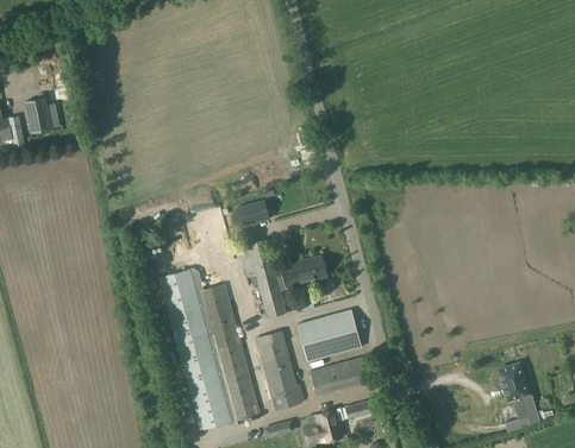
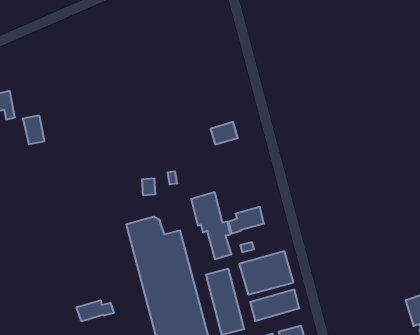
building: [24,97,50,132] -> [23,116,44,144]
building: [235,197,268,225] -> [210,122,238,145]
building: none -> [77,300,114,321]

